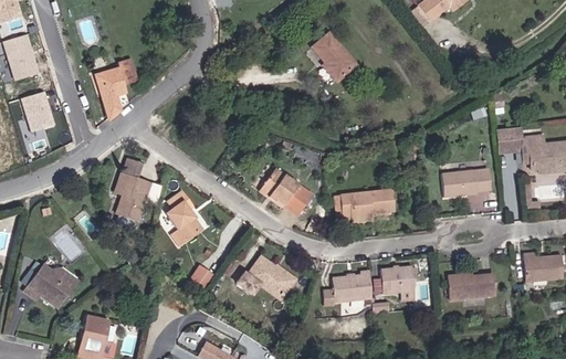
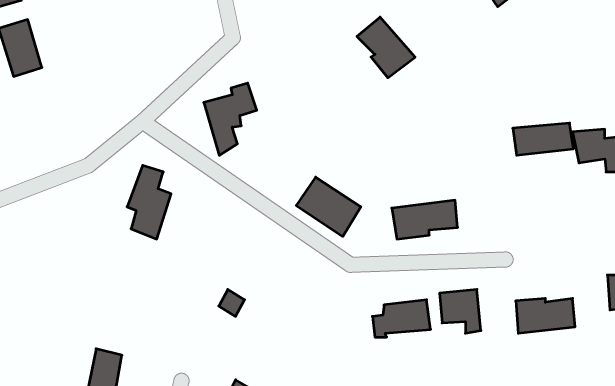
building: [94,57,139,119] -> [204,83,257,155]
building: [20,93,55,135] -> none
building: [440,169,492,197] -> [513,123,573,155]
building: [165,190,203,245] -> none
building: [235,255,298,303] -> none
building: [22,264,77,308] -> none

